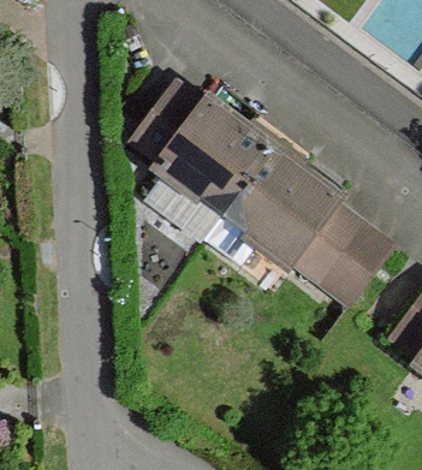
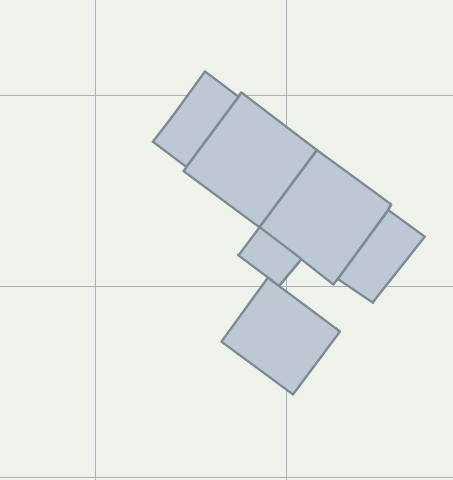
building: none -> [222,278,340,394]

